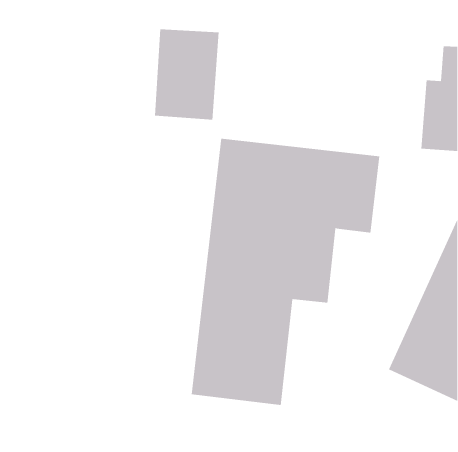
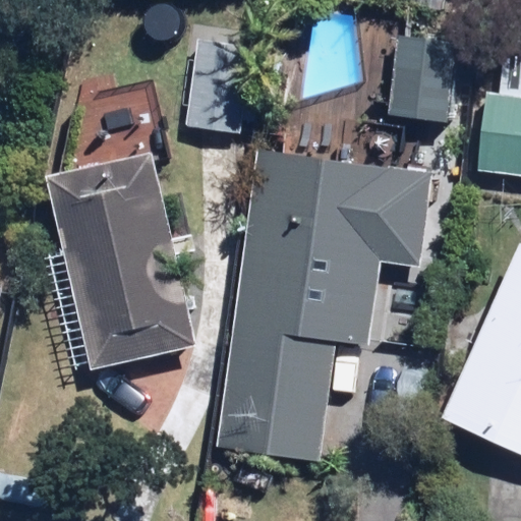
building: none -> [377,34,455,122]
building: none -> [53,149,192,365]

